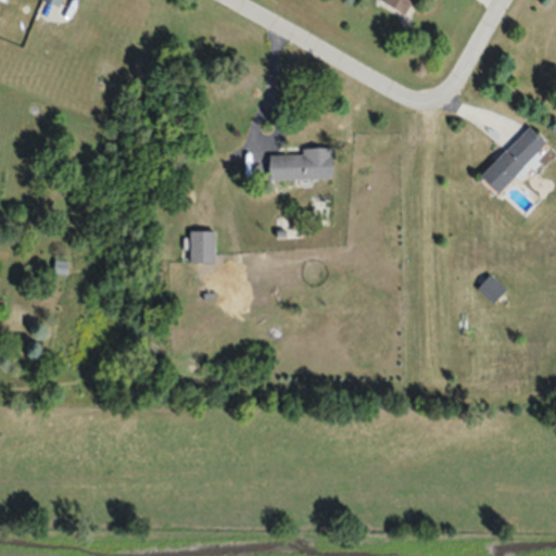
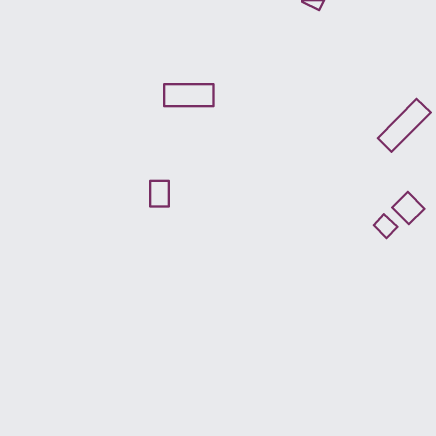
building: [270,151,333,179] -> [164,84,214,106]
building: none -> [392,192,424,224]

